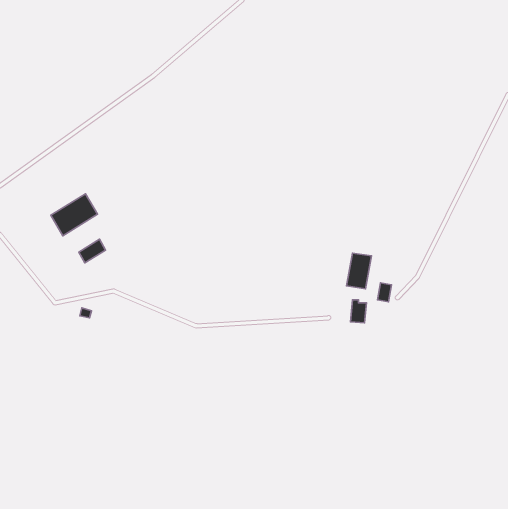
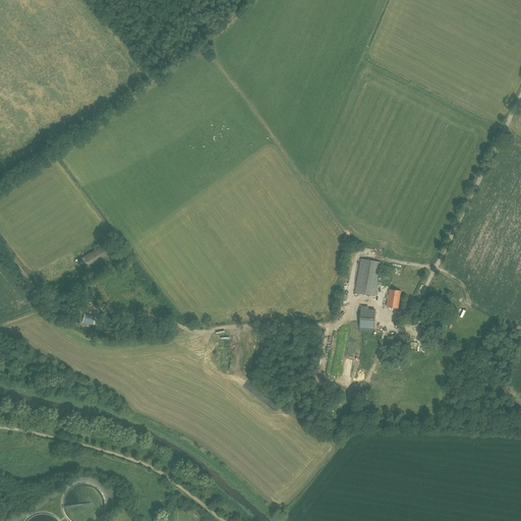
building: [51,194,98,236] -> none

